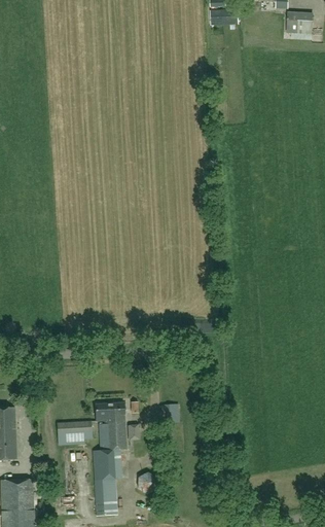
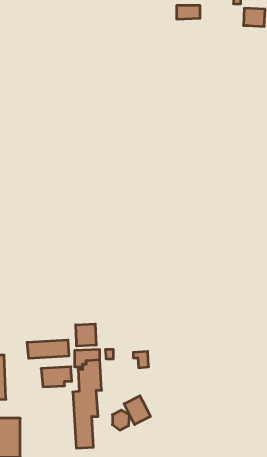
building: none -> [76,324,96,346]
building: none -> [27,340,69,358]
building: none -> [124,396,150,425]

